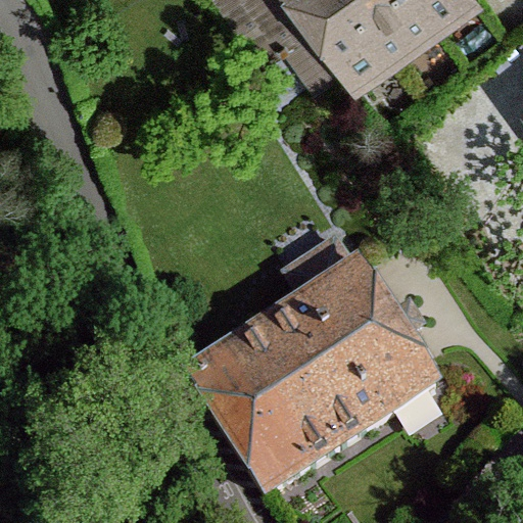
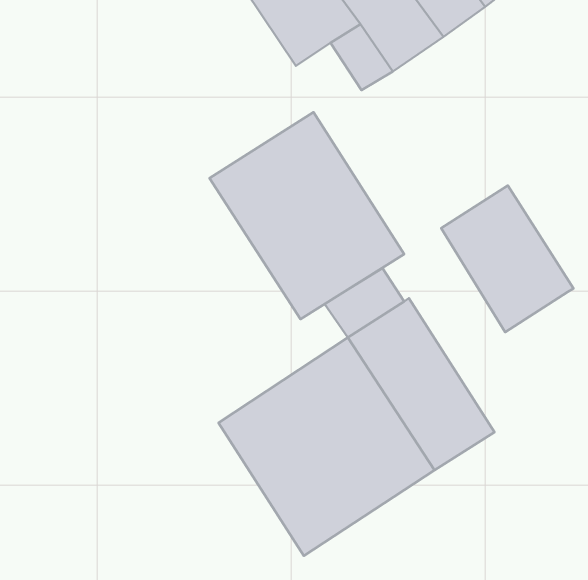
building: none -> [209,112,404,319]
building: none -> [441,186,573,332]

